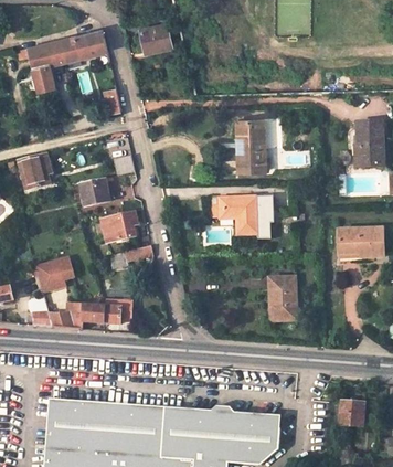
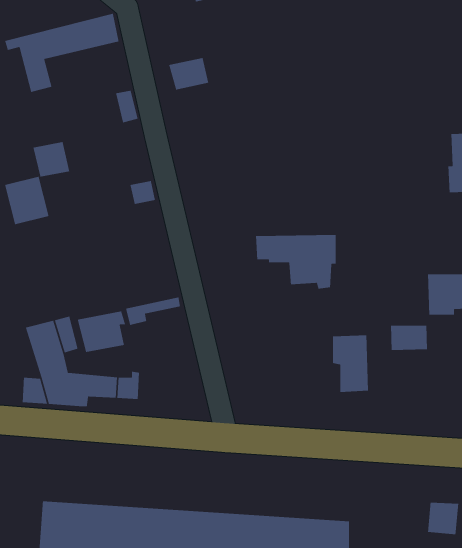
building: [140,25,171,51] -> [168,57,209,91]
building: [235,117,265,169] -> none
building: [81,178,109,205] -> [32,141,70,178]
building: [99,210,137,242] -> [77,310,126,353]
building: none -> [390,325,428,351]

